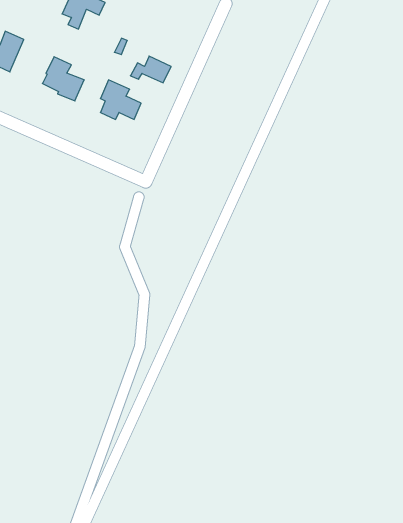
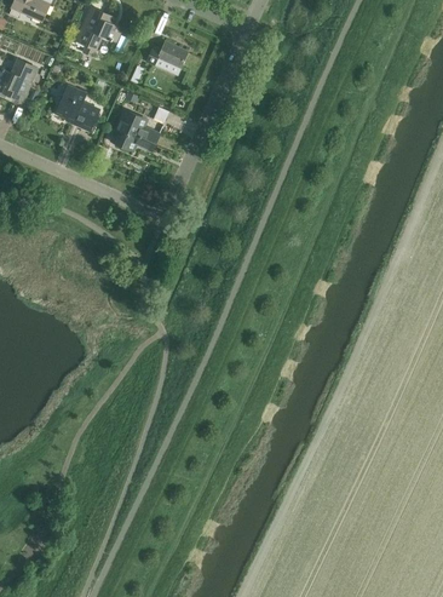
building: [130,56,171,83] -> [145,40,188,68]

